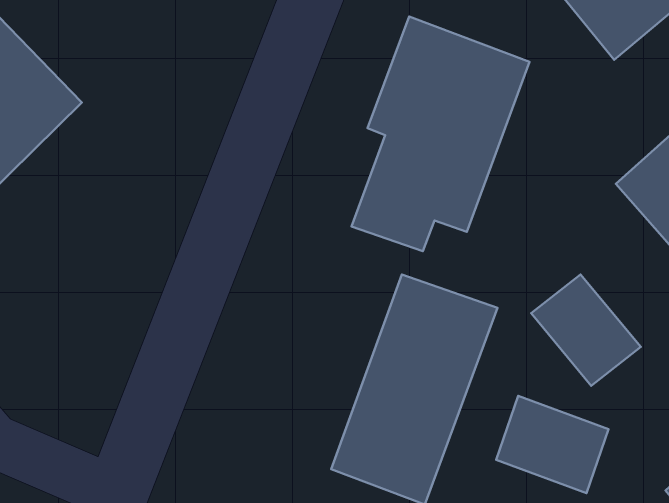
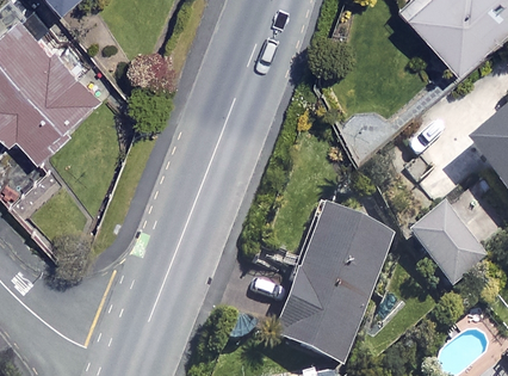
building: [351,16,530,251] -> none
building: [496,396,608,493] -> none

